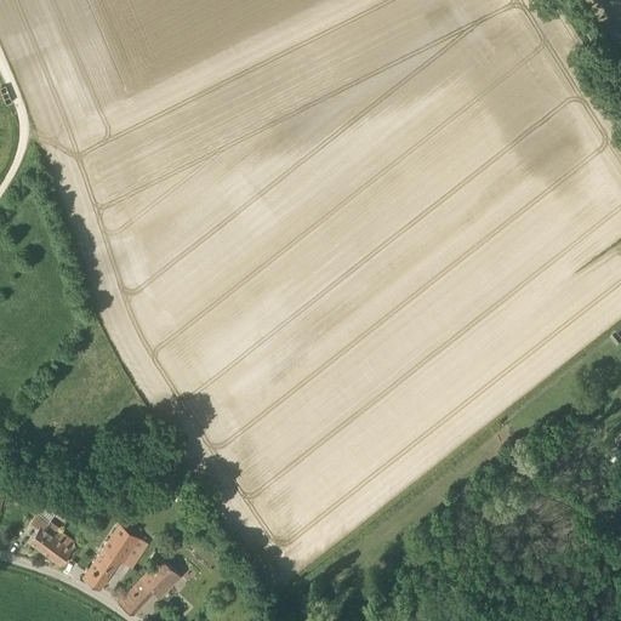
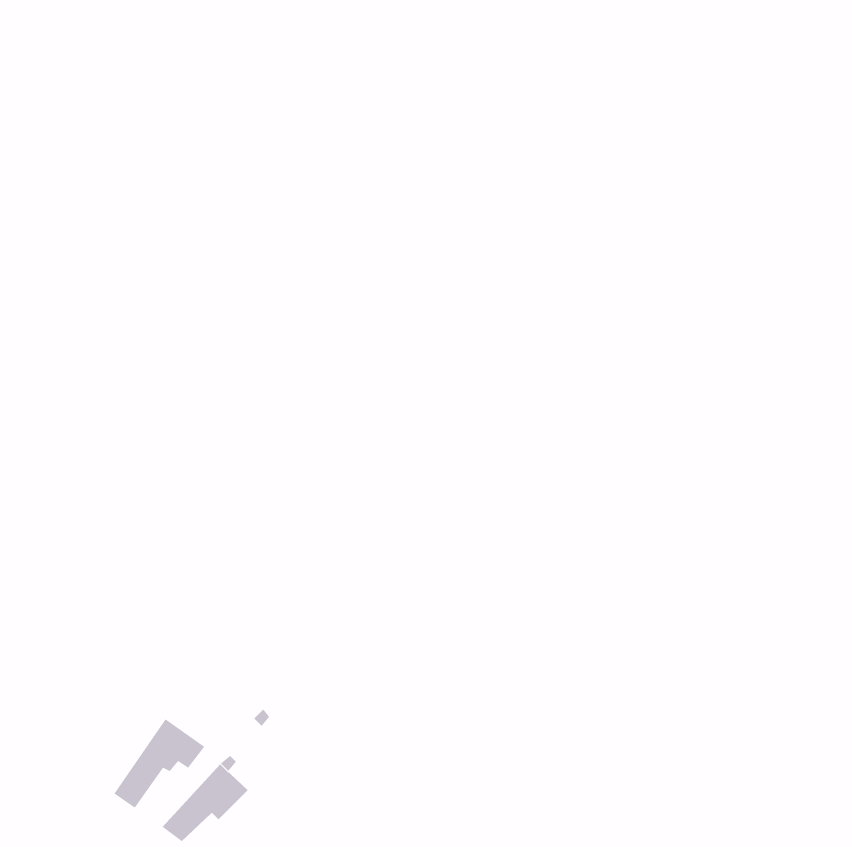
building: [28,508,76,570] -> none

